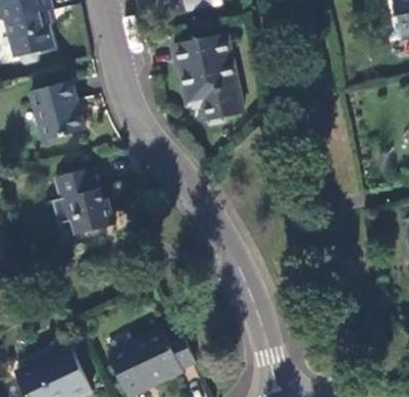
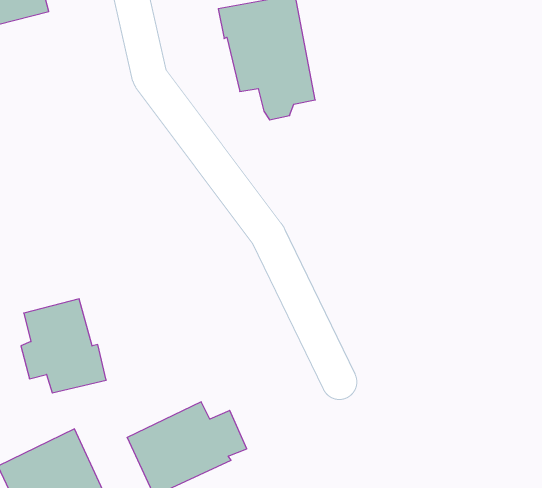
building: [31,81,84,141] -> none
building: [52,167,113,235] -> [21,299,106,393]

